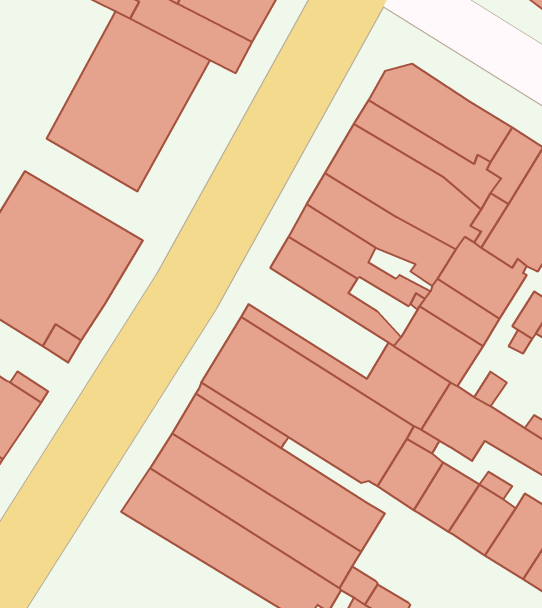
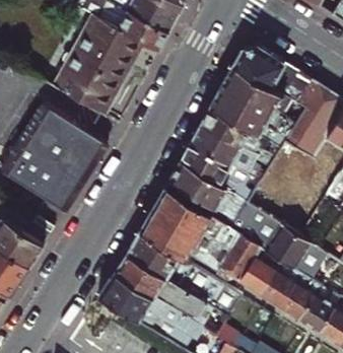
building: none -> [165,159,244,221]

